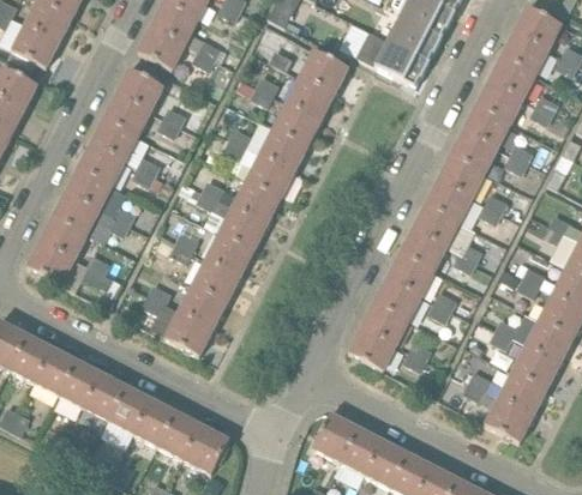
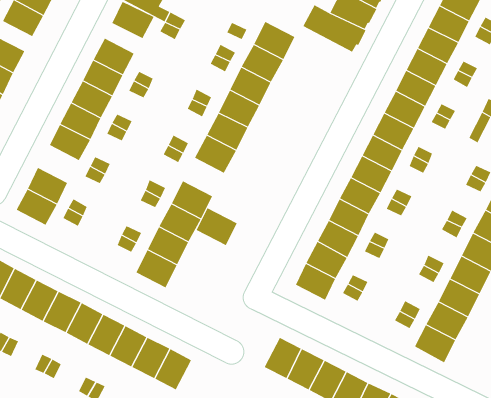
building: [52,192,100,235] -> none
building: [218,206,266,250] -> [196,207,238,246]

